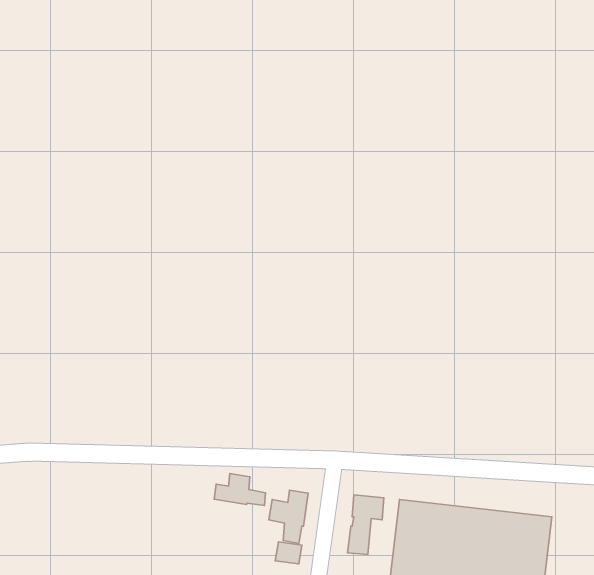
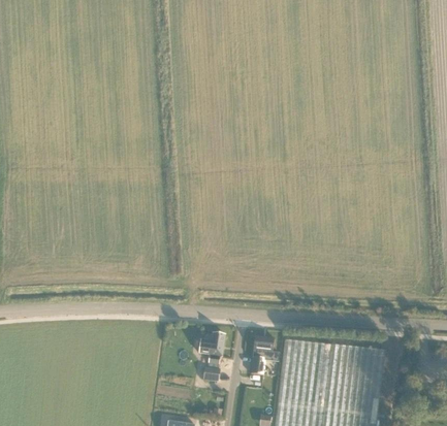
building: [214,474,266,506] -> none

